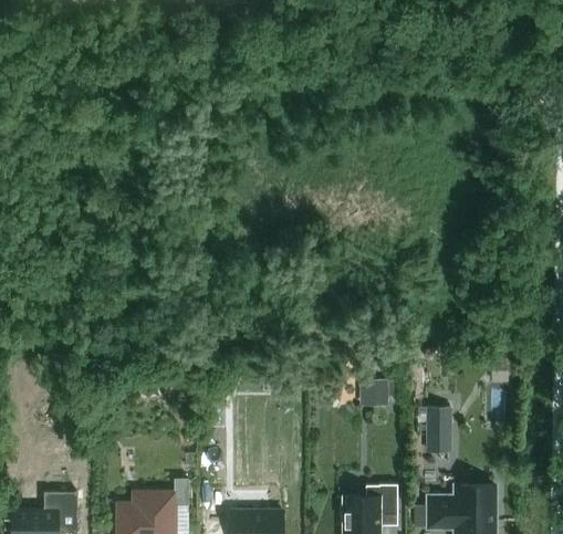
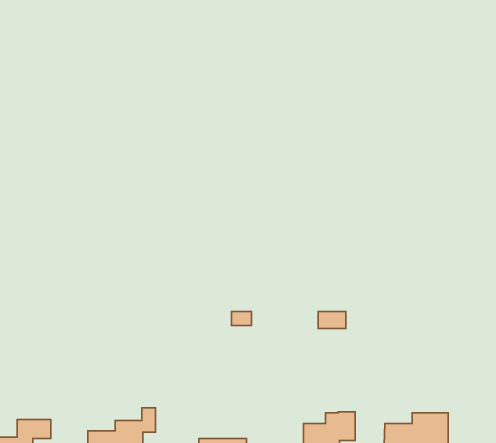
building: [429,408,452,453] -> none

